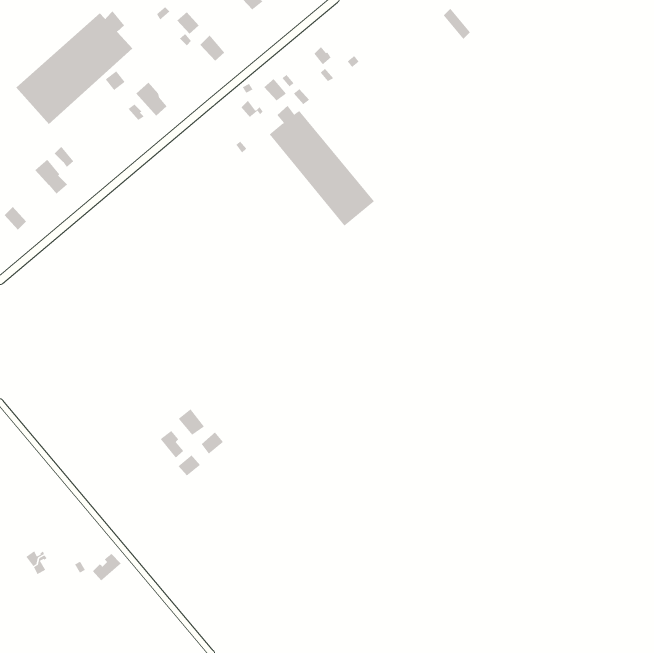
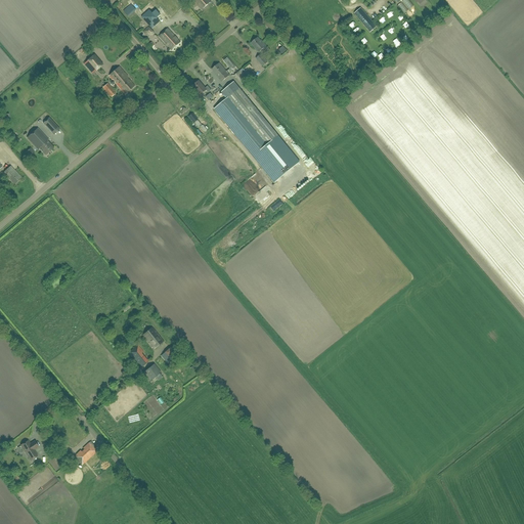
building: [16,11,133,125] -> none

